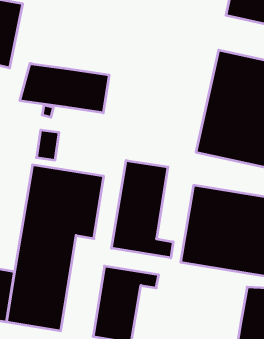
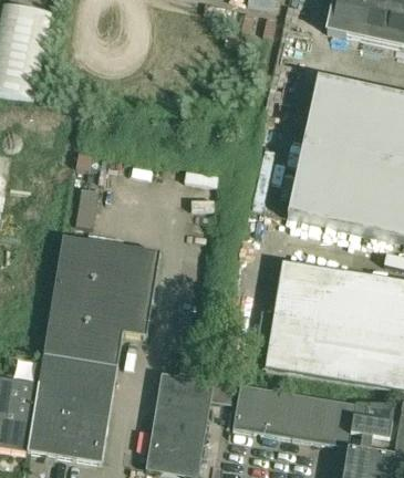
building: [20,63,109,113] -> none
building: [112,160,173,258] -> none
building: none -> [231,382,355,445]

